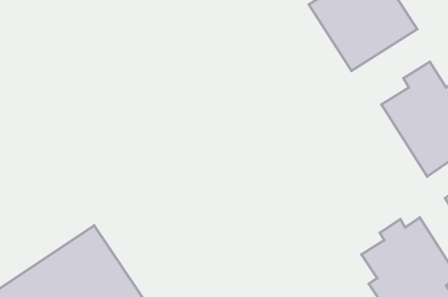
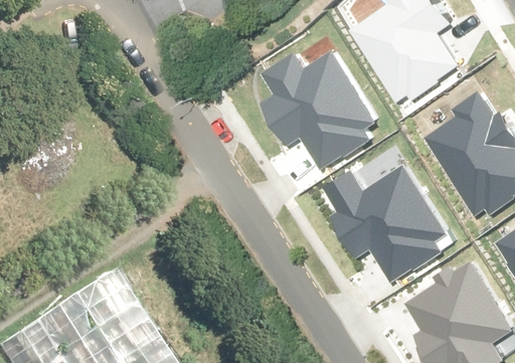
building: none -> [262,53,374,167]
building: none -> [324,168,445,278]

